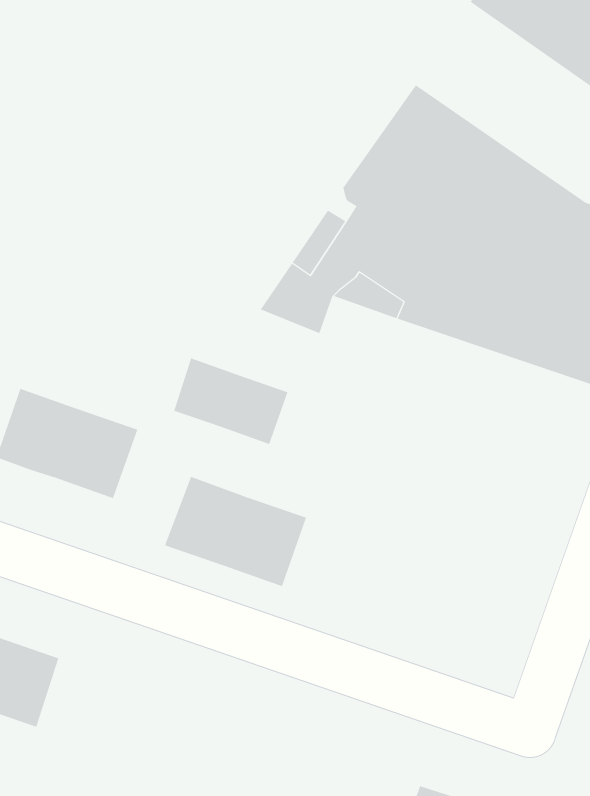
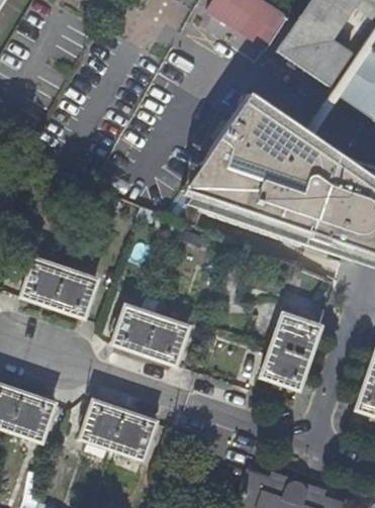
building: [173,357,288,445] -> none
building: none -> [262,313,322,389]
building: none -> [81,400,158,460]

